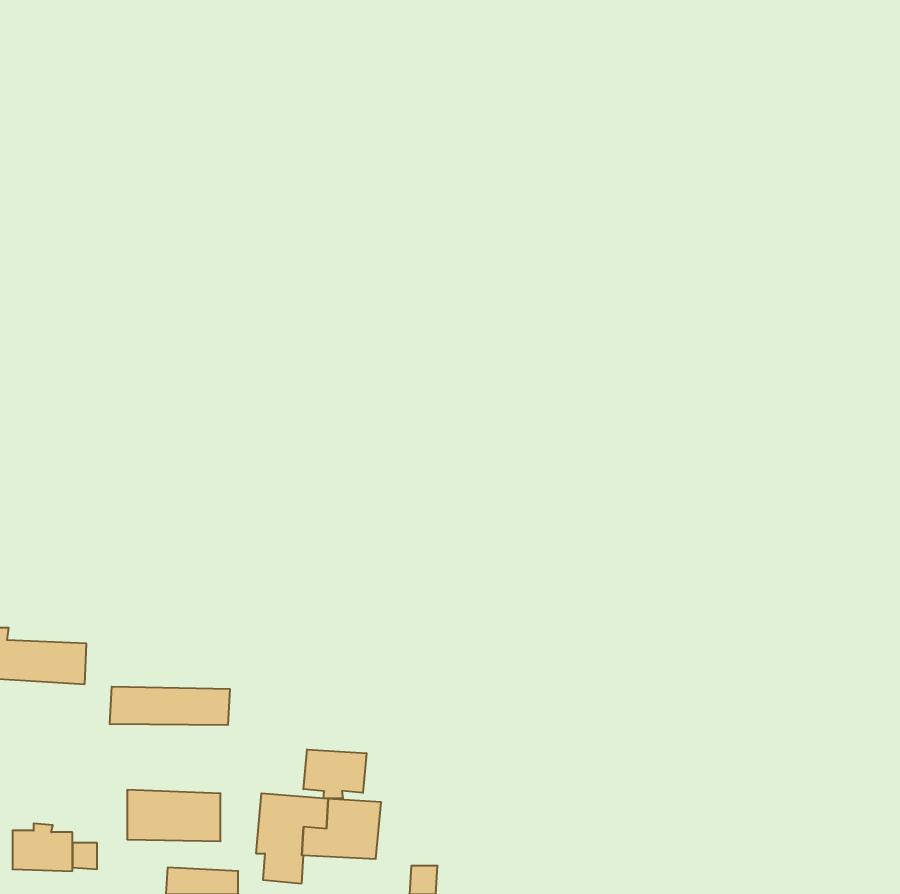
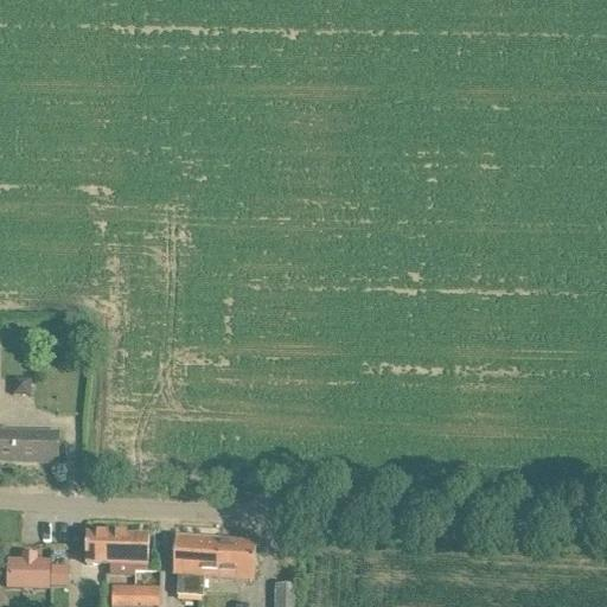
building: [110,687,230,725] -> none
building: [303,749,366,798] -> none

